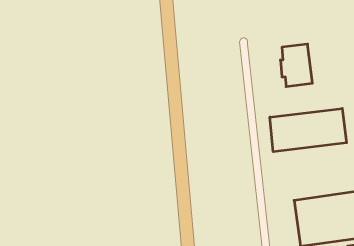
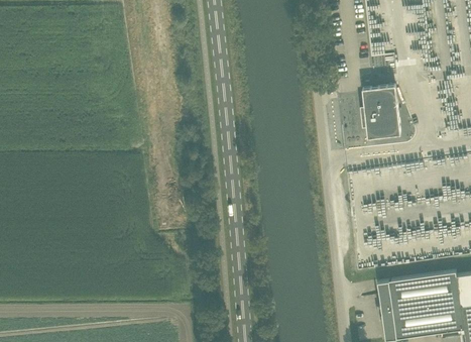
building: [270,108,347,152] -> none

